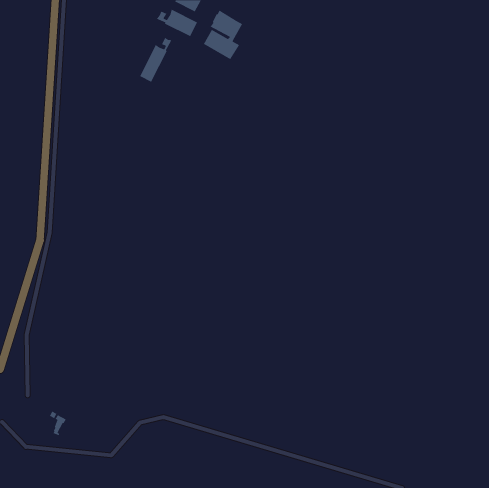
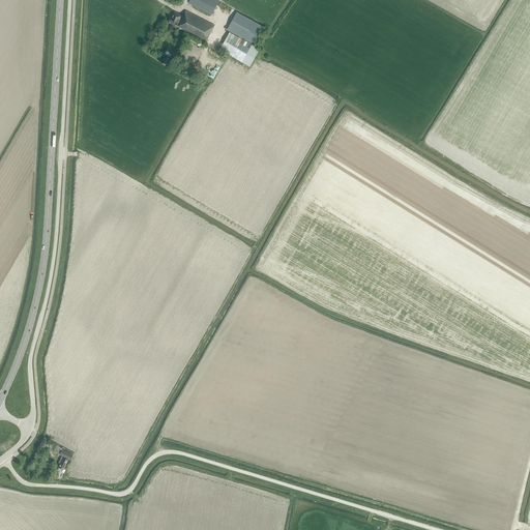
building: [139,37,172,83] -> none

